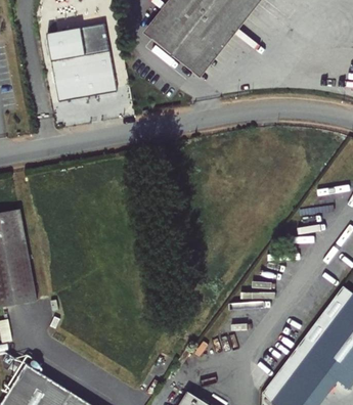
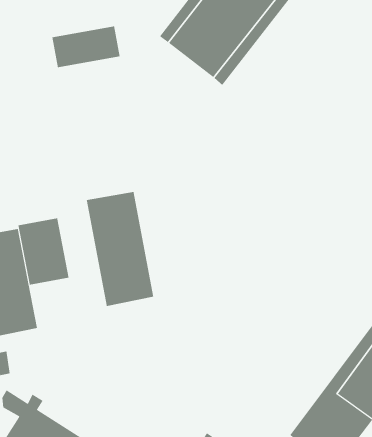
building: [52,52,117,103] -> none
building: none -> [86,191,154,307]
building: none -> [18,217,69,285]

